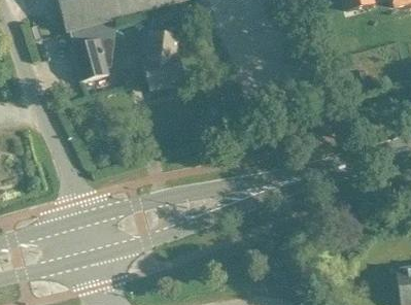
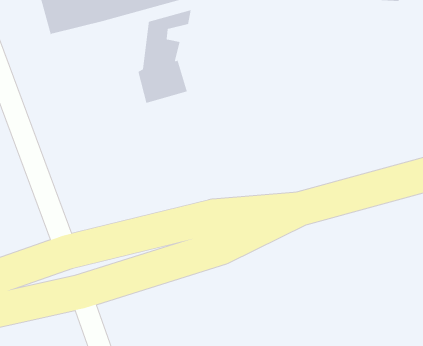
building: [69,19,114,80] -> none

